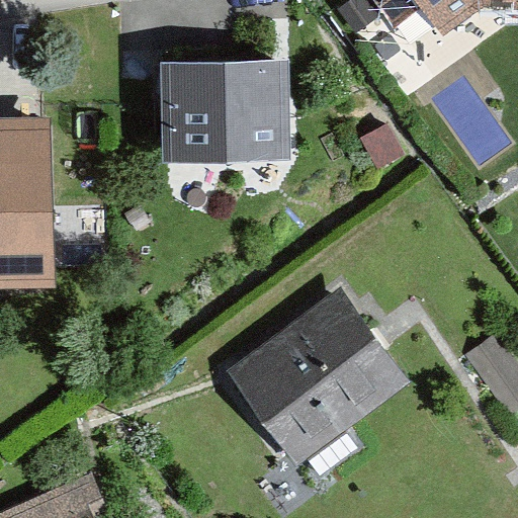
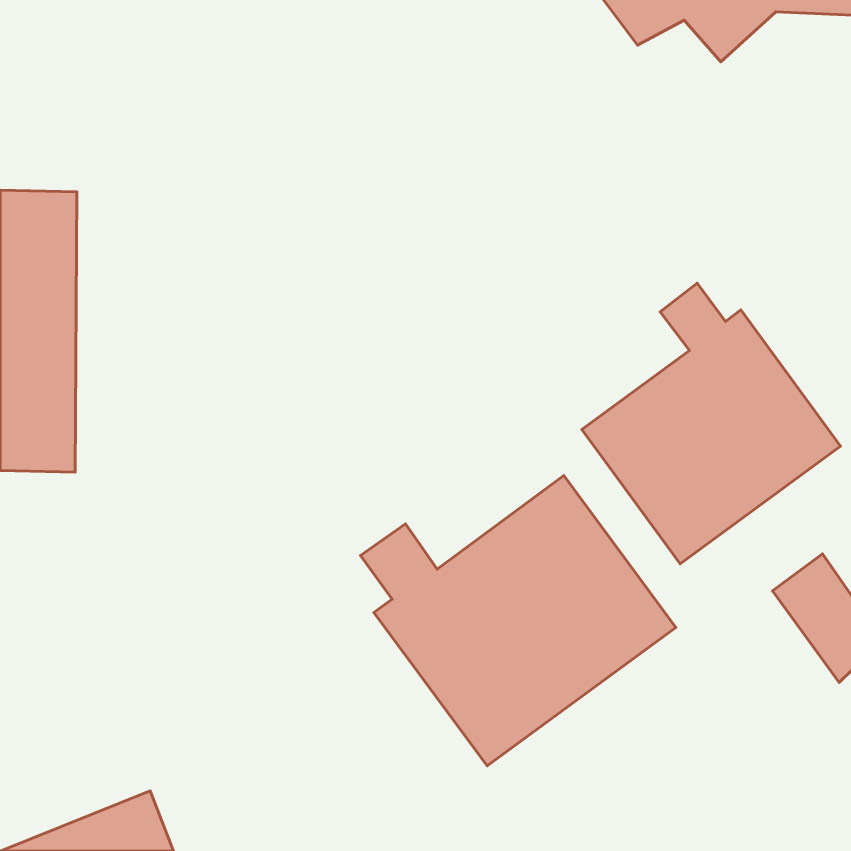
building: [153,62,281,164] -> none
building: none -> [582,283,840,564]

